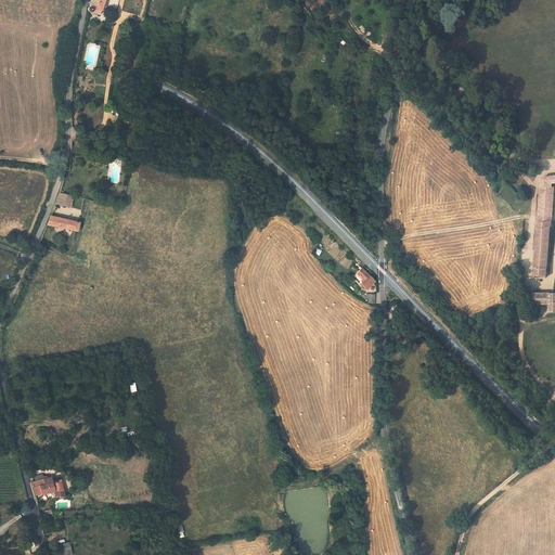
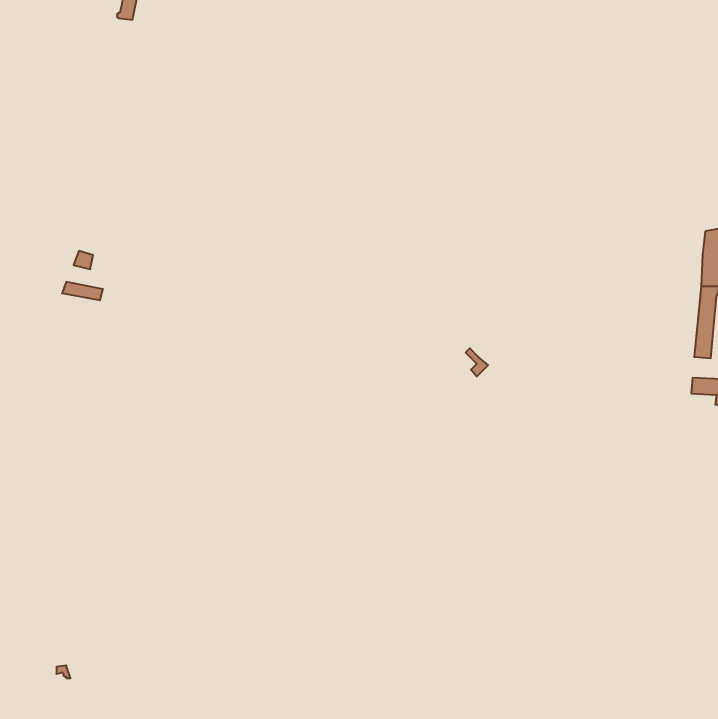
building: [33,475,65,499] -> none

